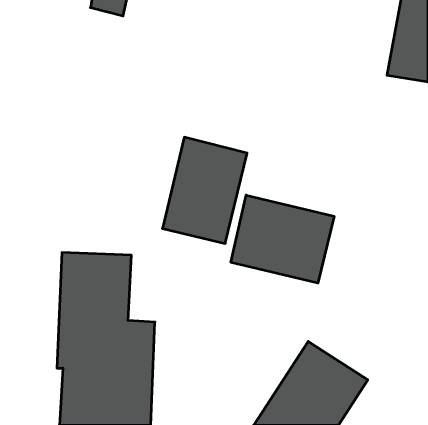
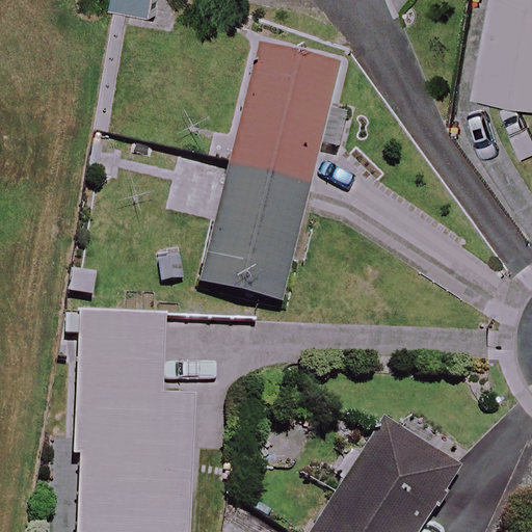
building: none -> [229,49,337,190]
building: [231,195,334,283] -> none

